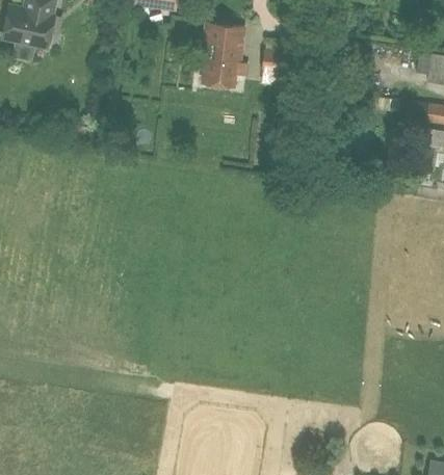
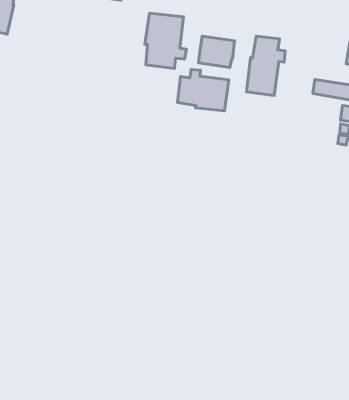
building: none -> [247,36,285,96]
building: none -> [177,70,229,111]

